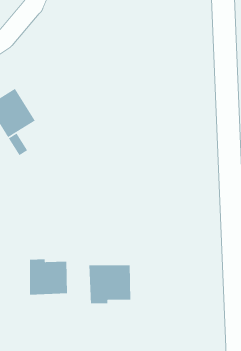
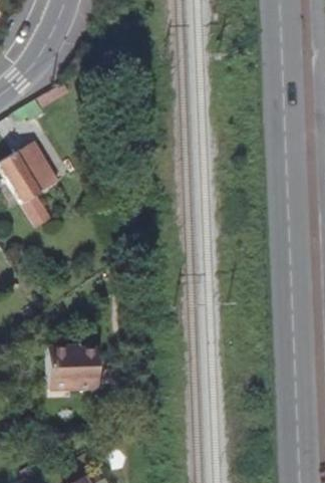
building: [88,264,131,304] -> none

